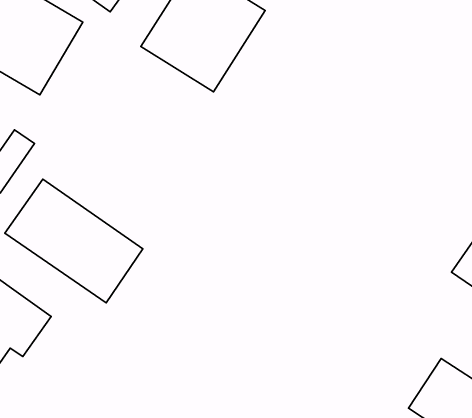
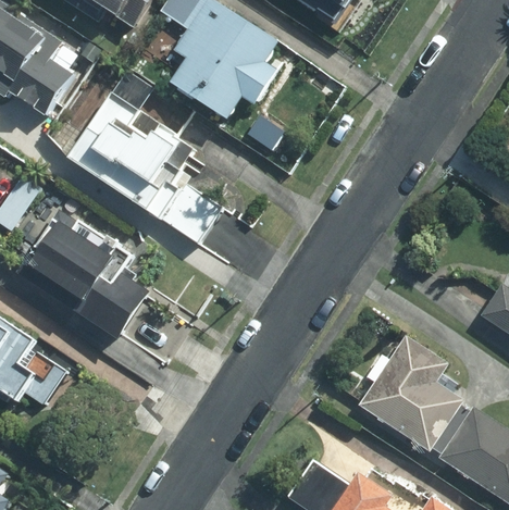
building: none -> [71,83,220,241]
building: none -> [352,332,465,452]

